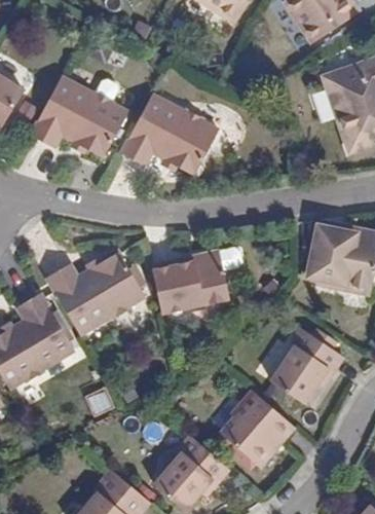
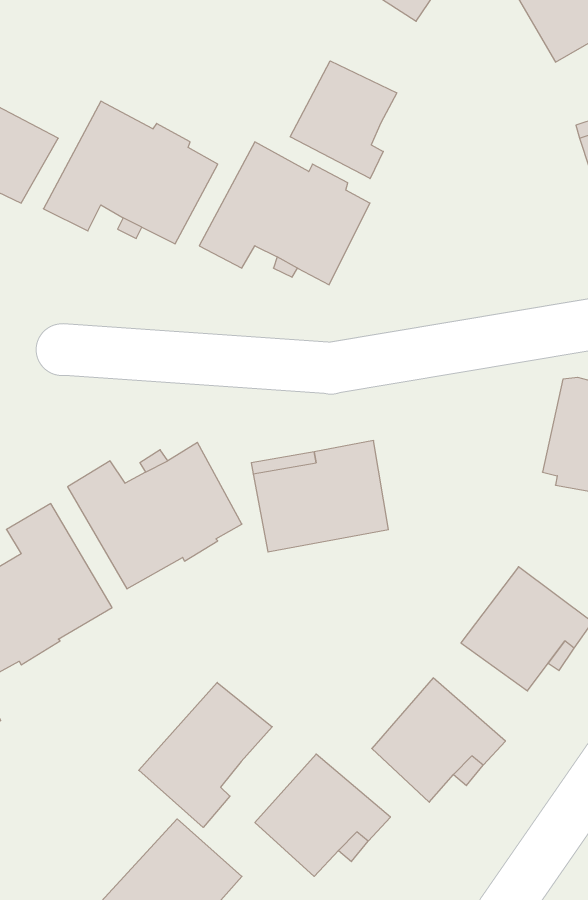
building: none -> [290,61,397,179]
building: none -> [139,682,272,827]

